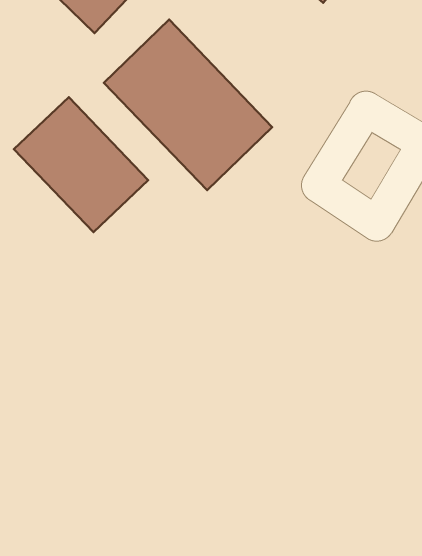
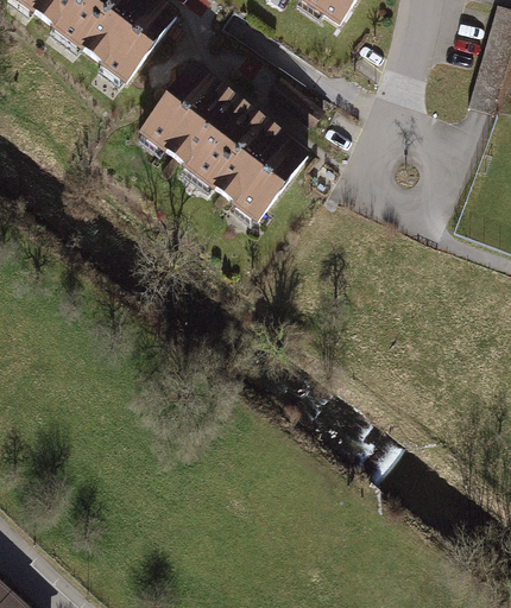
building: [14,97,148,232] -> none

